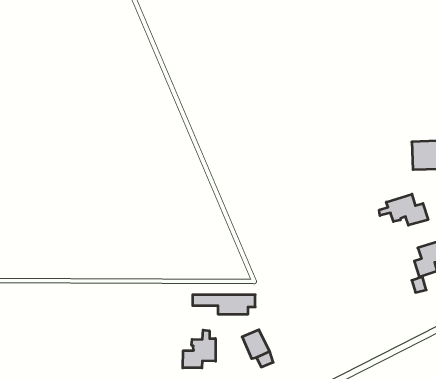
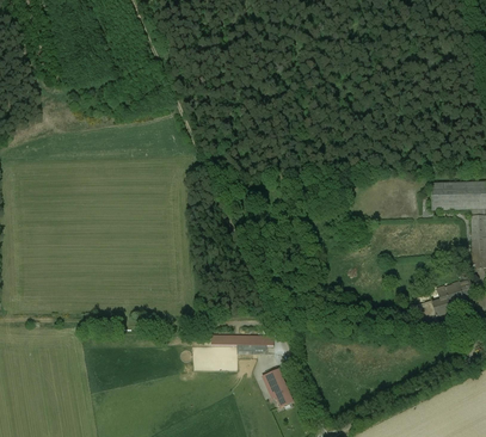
building: [379,194,428,225] -> none
building: [183,330,216,368] -> none

